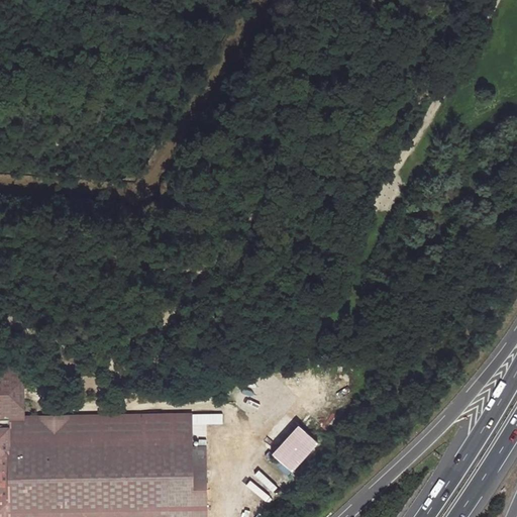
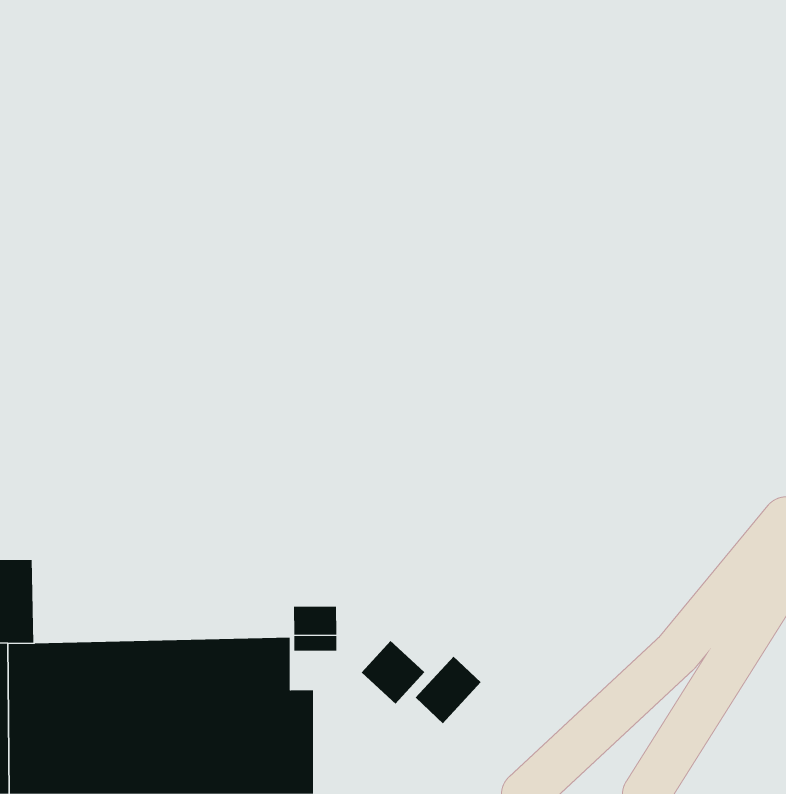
building: none -> [293,606,337,636]
building: none -> [361,640,425,705]

